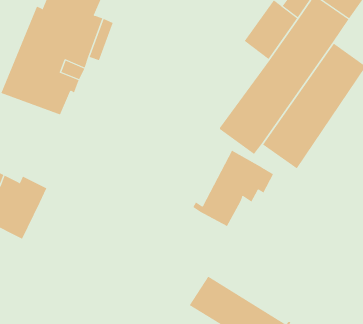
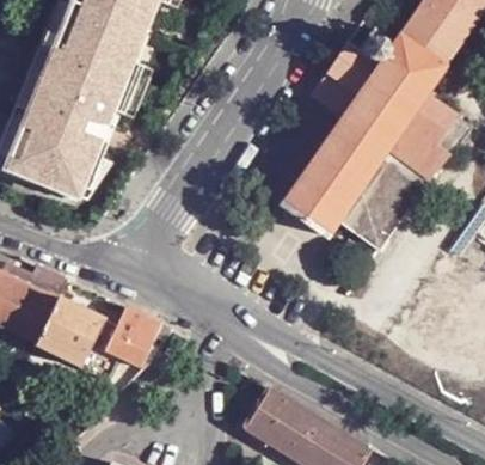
building: [193,150,274,227] -> none
building: none -> [33,296,158,379]

